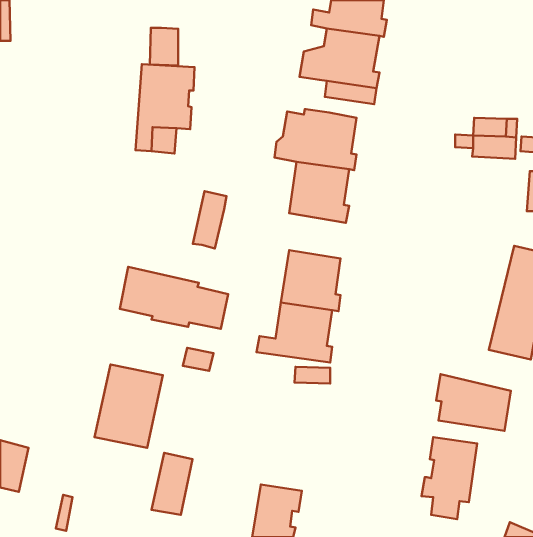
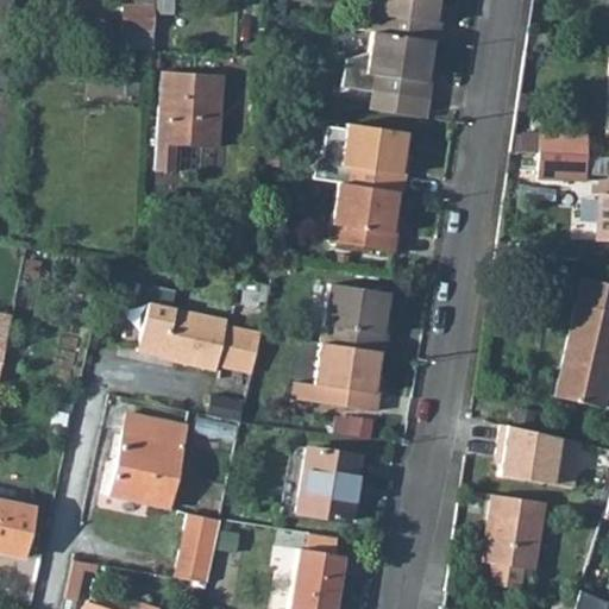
building: [150,28,178,66] -> [125,5,157,48]
building: [193,191,227,249] -> none
building: none -> [299,447,363,521]

